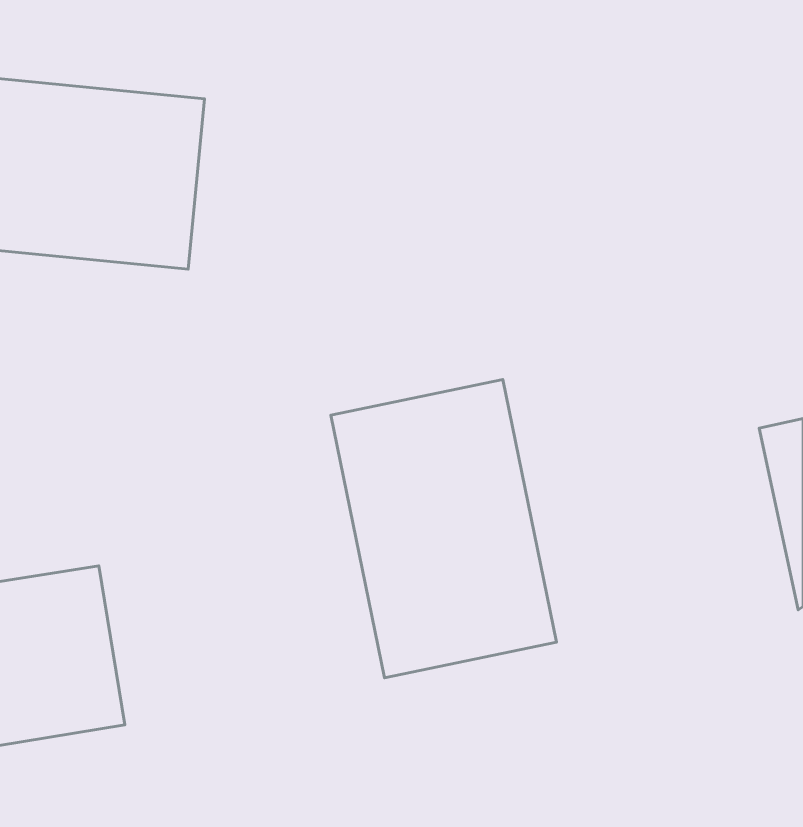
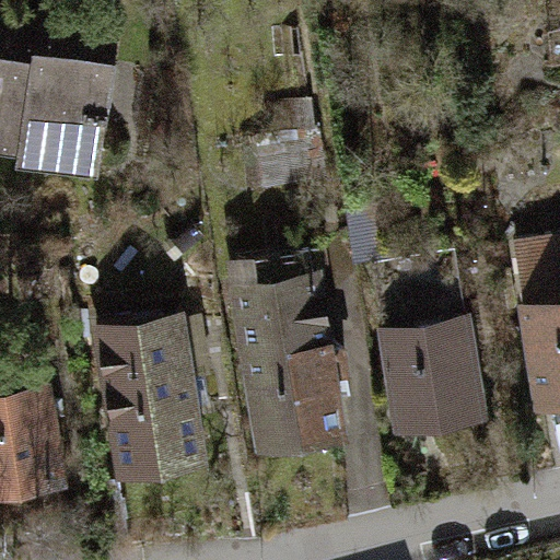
building: none -> [100,310,234,489]
building: none -> [375,312,492,433]

